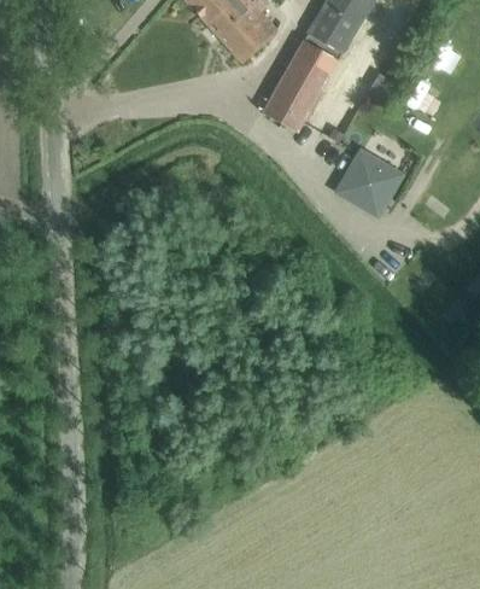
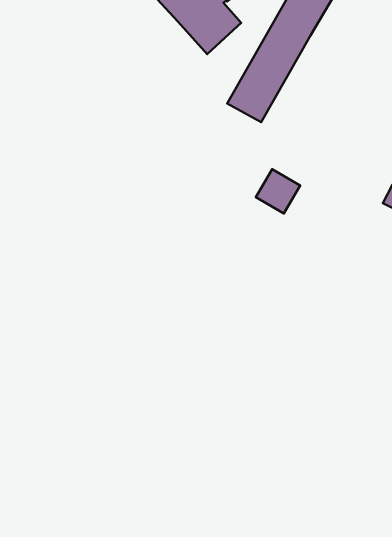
building: [347,159,393,205] -> [256,169,300,214]

